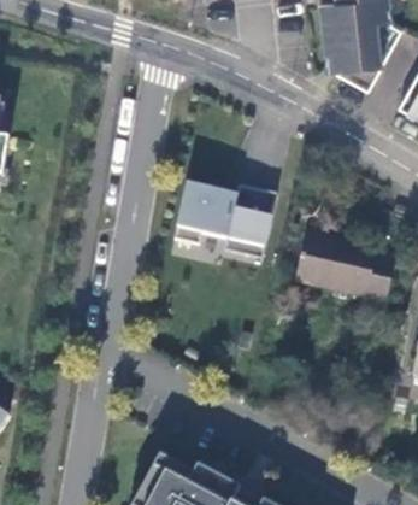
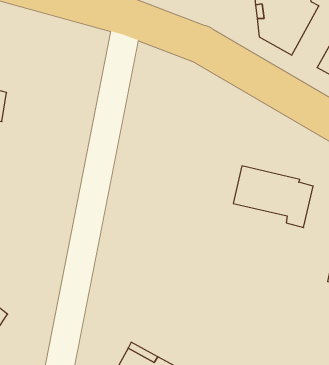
building: [176,176,279,254] -> none

